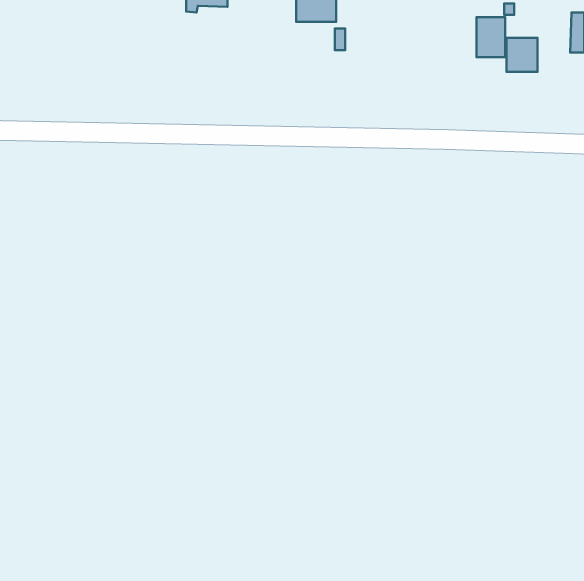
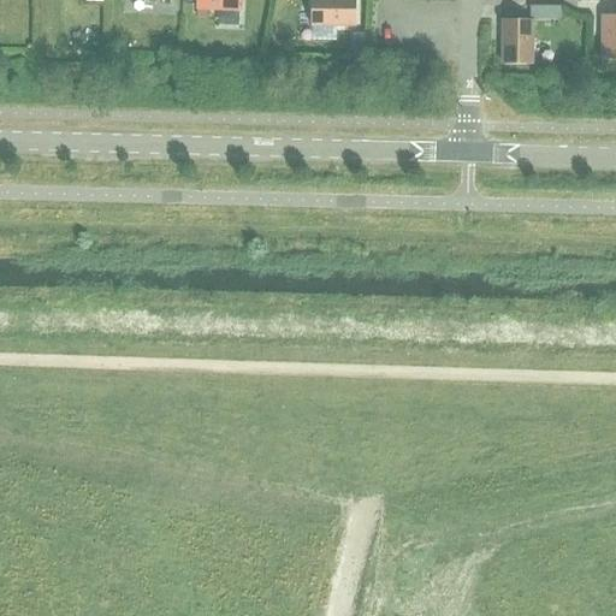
building: [506,38,538,72] -> none

